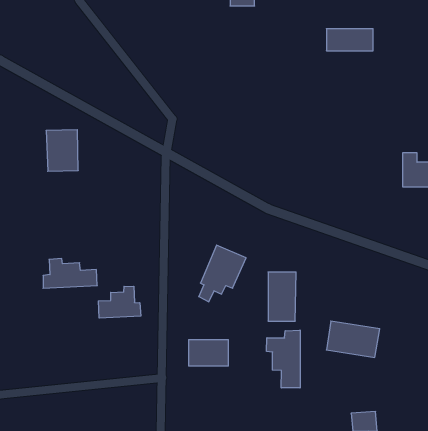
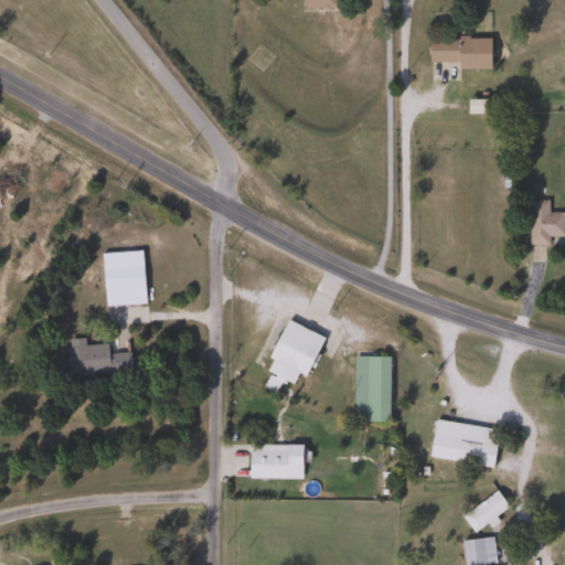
building: [46,130,78,171] -> [104,250,146,305]
building: [98,286,141,318] -> none
building: [267,330,300,388] -> none
building: none -> [465,490,511,532]

